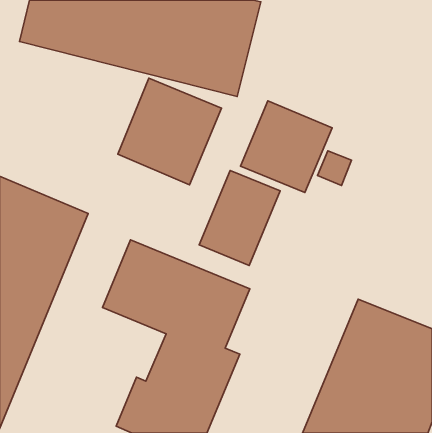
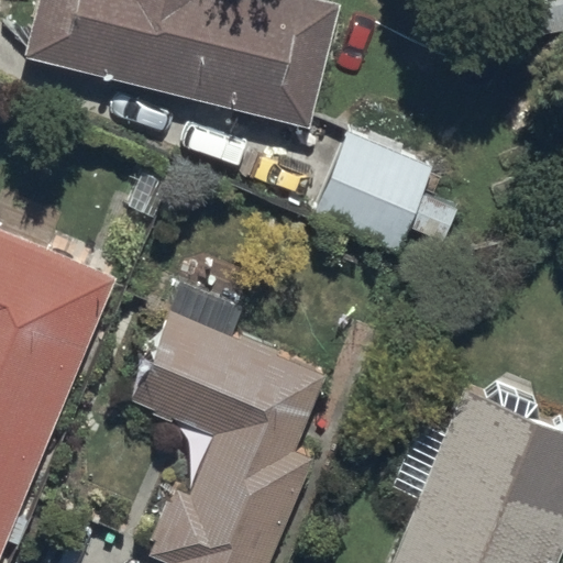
building: [118,78,221,185] -> none
building: [199,171,280,266] -> none

